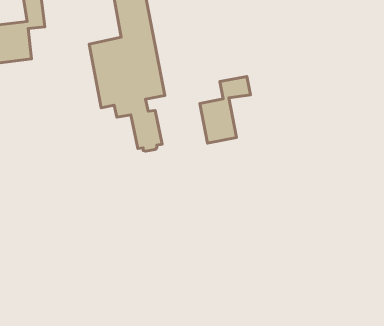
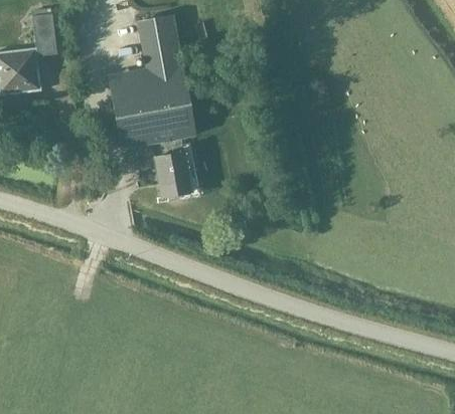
building: [200,77,250,143] -> none

